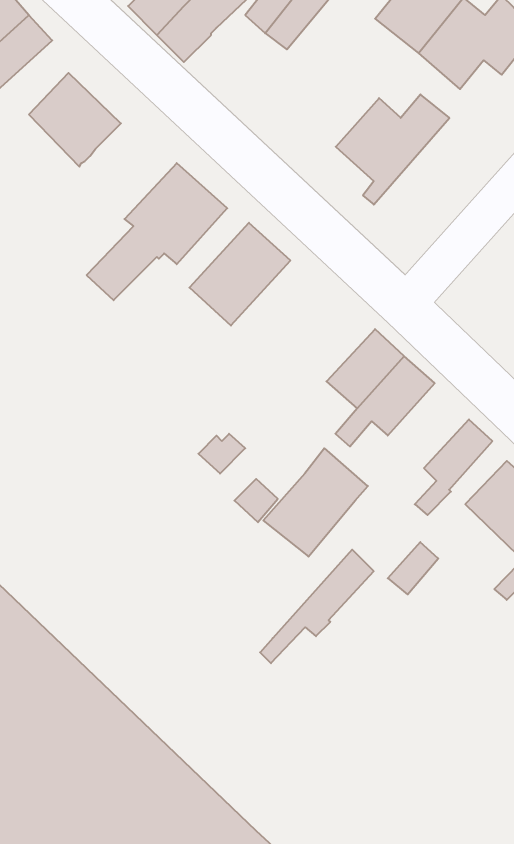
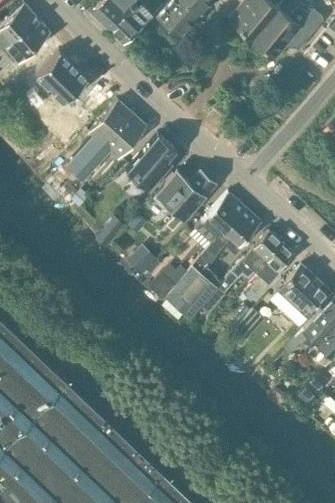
building: [336,94,449,205] -> [153,170,216,231]
building: [260,550,374,663] -> [217,231,280,294]

